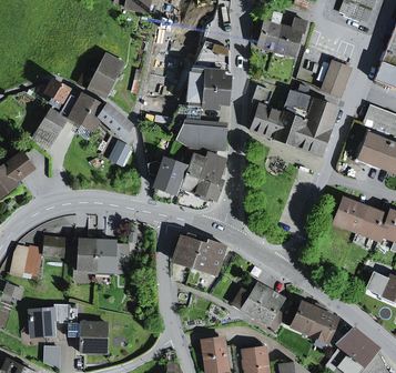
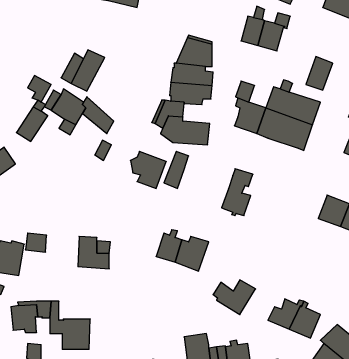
building: [195,153,226,200] -> [222,169,253,216]
building: [79,239,98,270] -> none
building: [257,292,285,330] -> none

